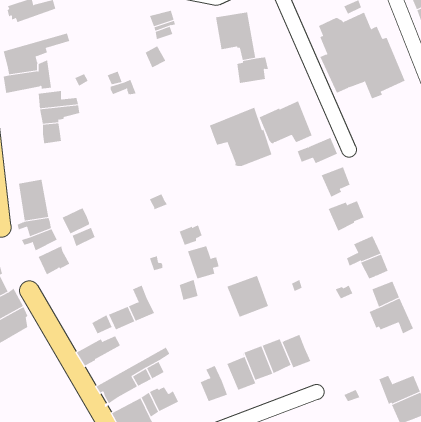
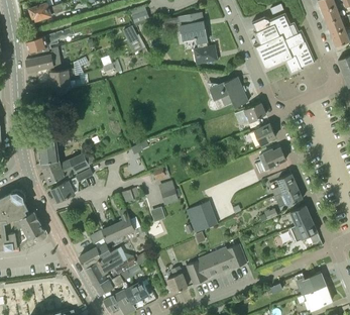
building: [209,107,272,167] -> none
building: none -> [85,250,142,282]

